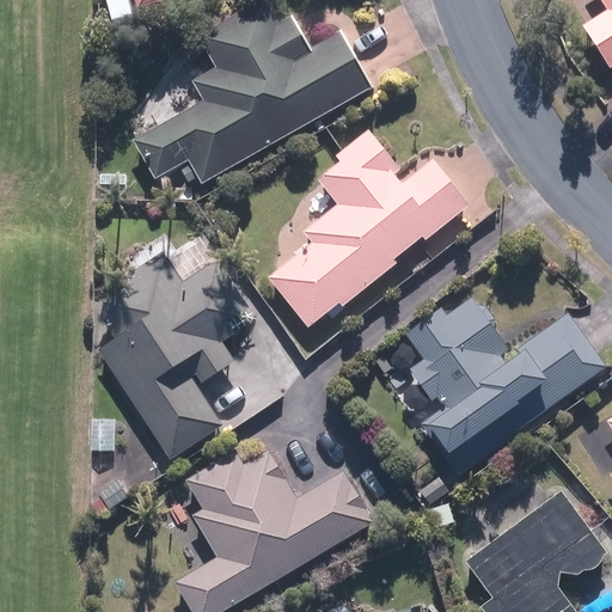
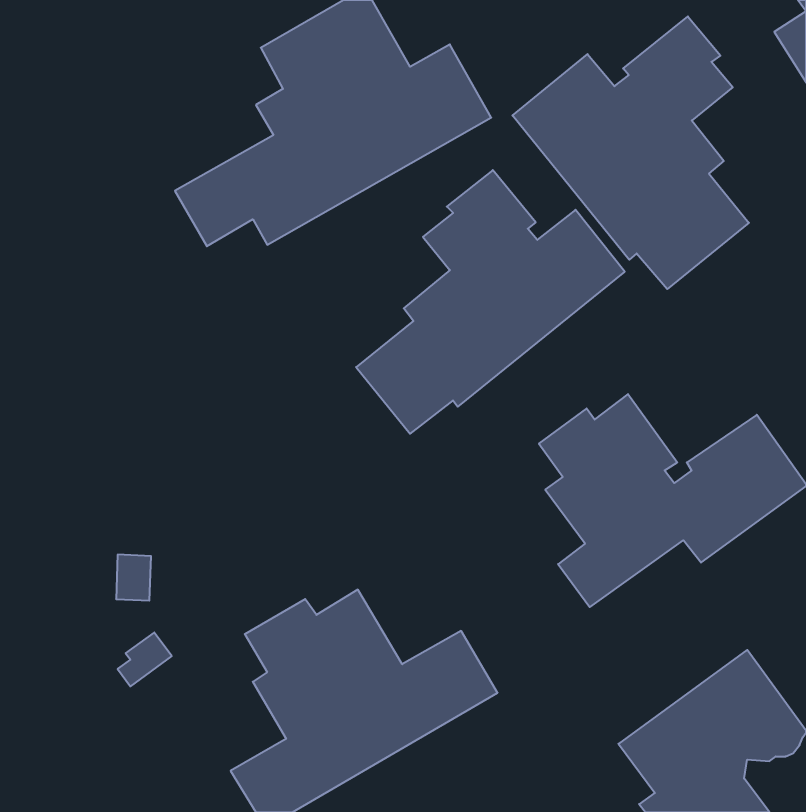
building: none -> [512,16,749,289]
building: [92,251,237,460] -> none

